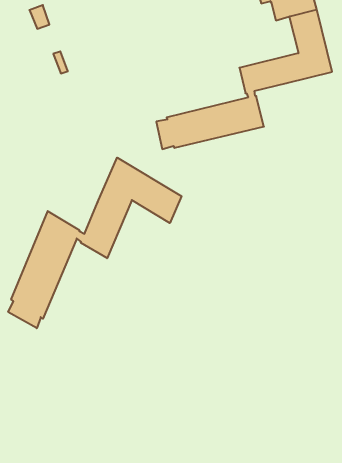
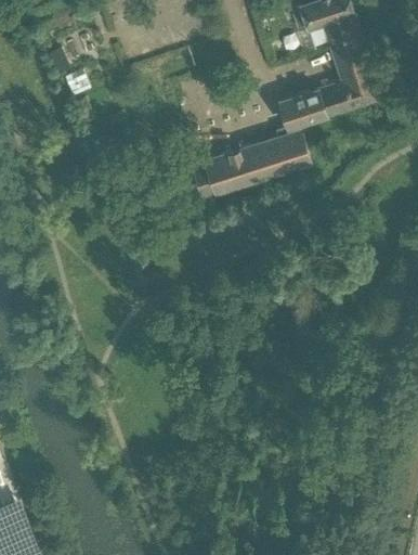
building: [8,158,181,328] -> none

